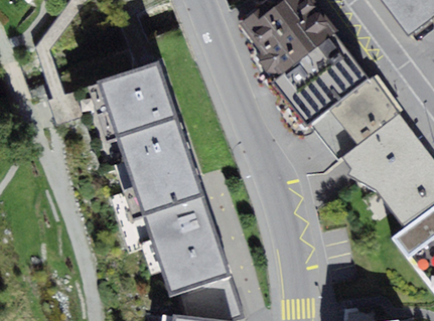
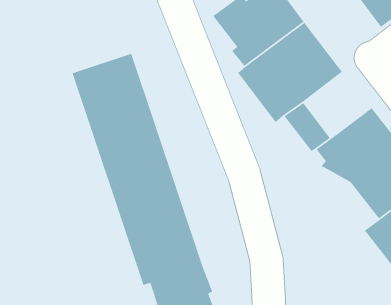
building: [331,77,400,146] -> none

